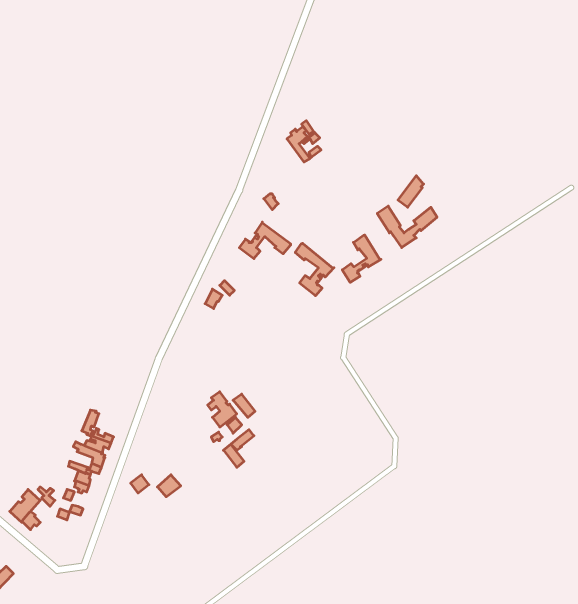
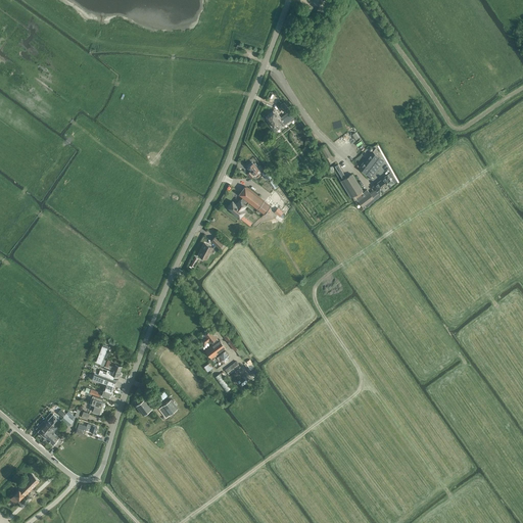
building: [342,235,381,282] -> none
building: [295,243,334,296] -> none

